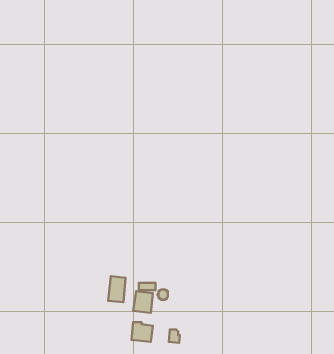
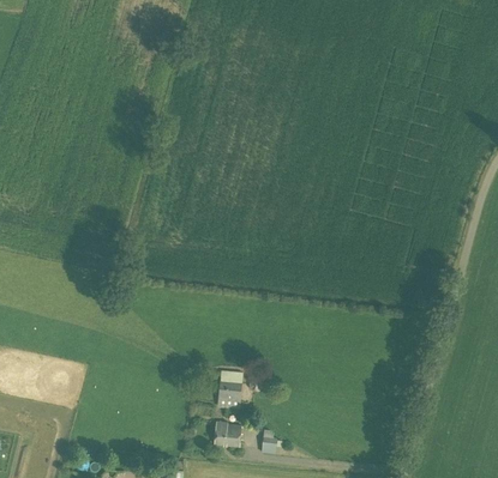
building: [108,276,126,302] -> none

